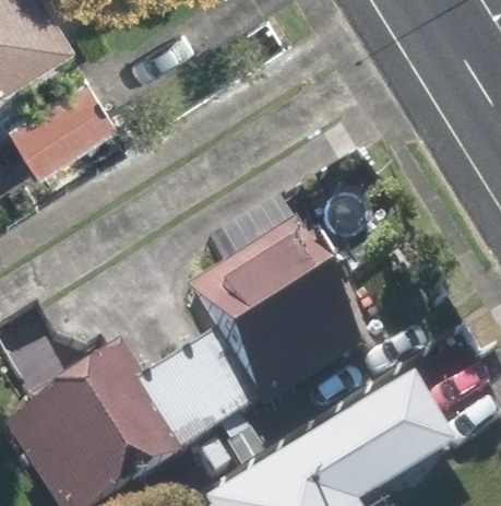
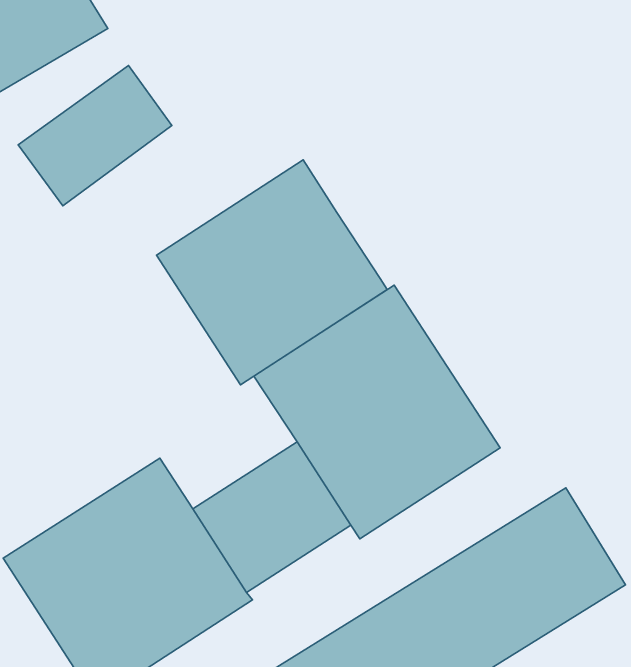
building: none -> [156,160,387,385]

